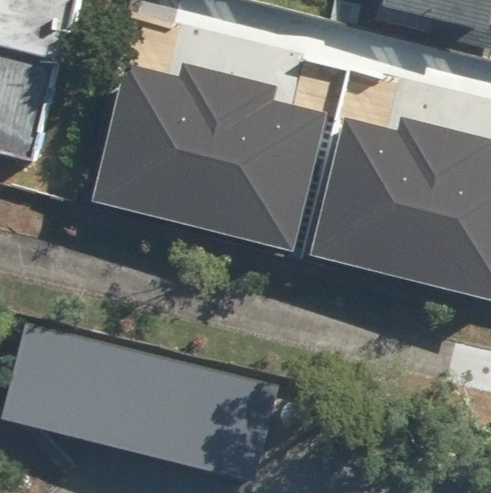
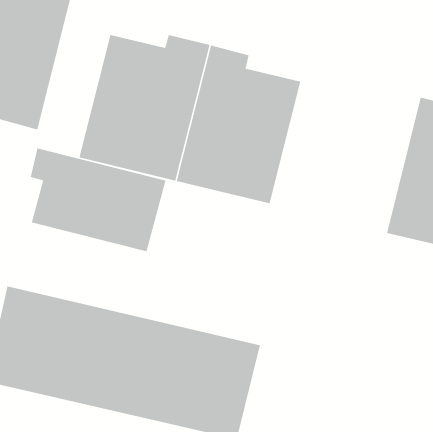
building: [313,118,452,274] -> none
building: none -> [30,147,167,252]

